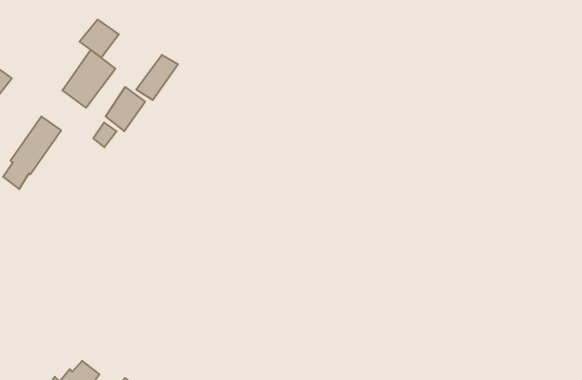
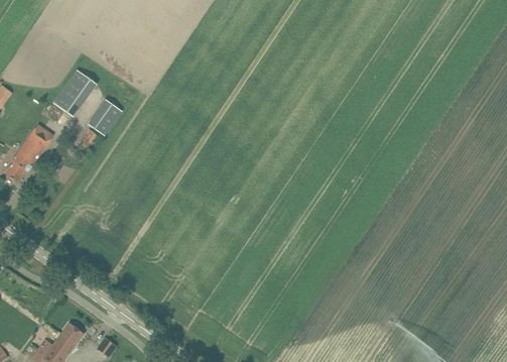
building: [80,20,119,57] -> none
building: [136,55,178,100] -> none

